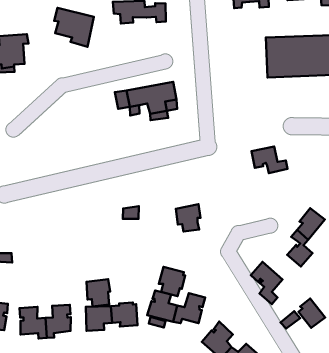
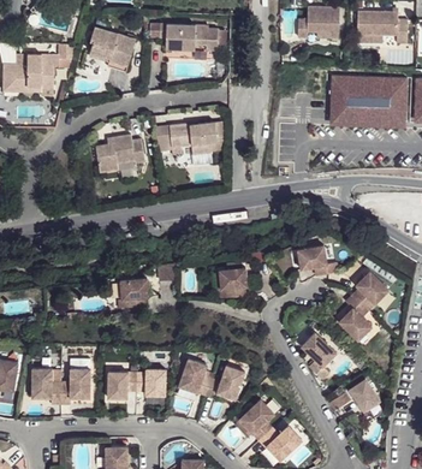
building: none -> [96,135,147,172]
building: [251,146,287,173] -> [299,248,339,278]
building: [159,267,185,296] -> none
building: [86,279,110,307] -> [117,279,143,309]

